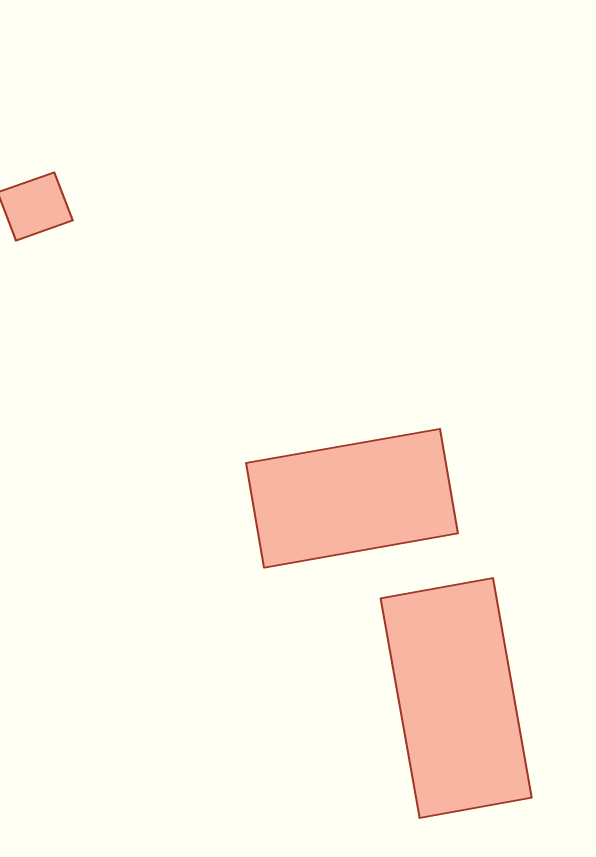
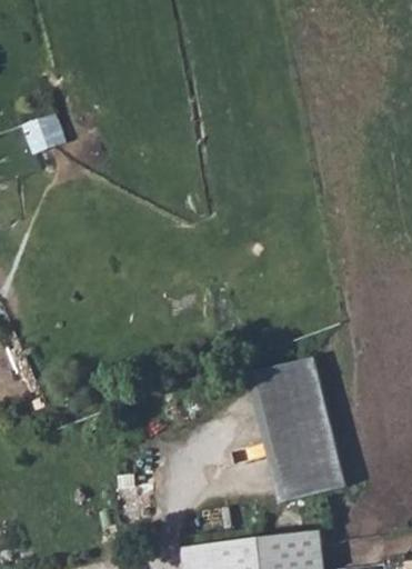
building: [246,429,458,568] -> none

